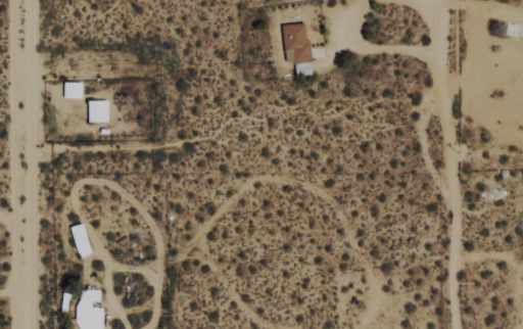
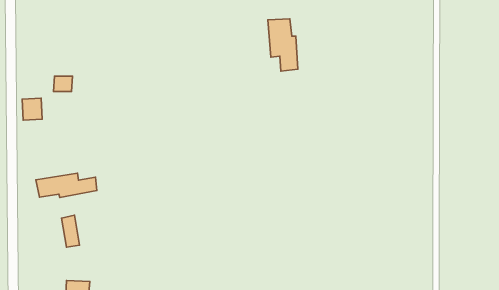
building: [89,99,109,122] -> [22,98,42,120]
building: none -> [36,173,97,197]

